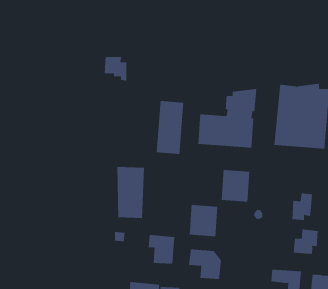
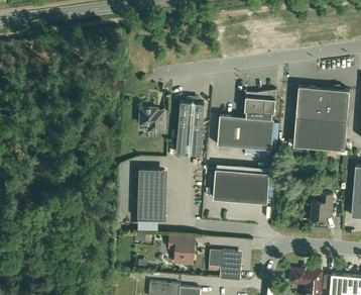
building: [104,57,127,81] -> [139,109,162,133]
building: [189,204,218,237] -> [213,170,242,202]
building: [293,229,318,254] -> none

